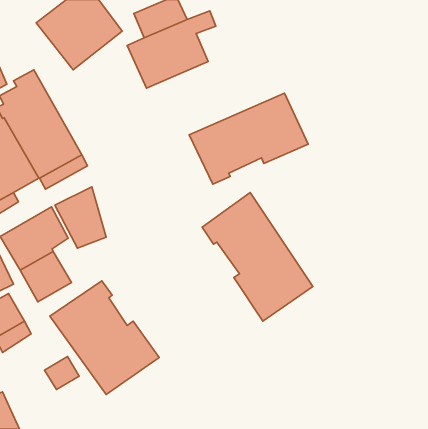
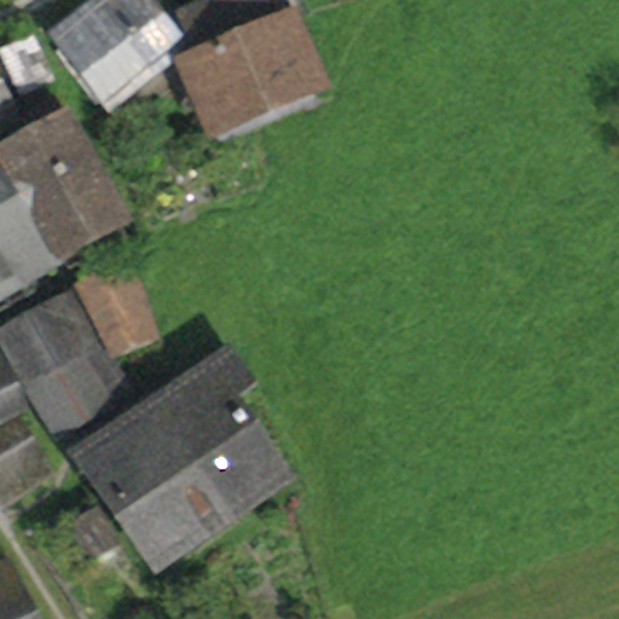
building: [189,93,308,184] -> none
building: [202,193,313,321] -> none
building: none -> [146,355,280,514]

